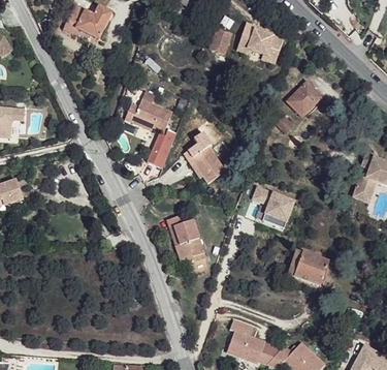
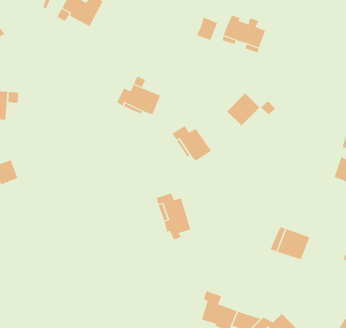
building: [287,82,322,117] -> [227,93,260,126]
building: [148,130,176,168] -> none
building: [253,188,294,229] -> none

